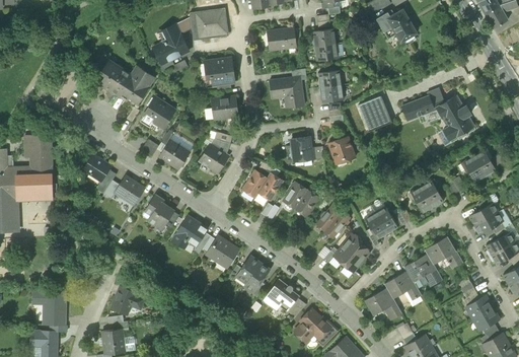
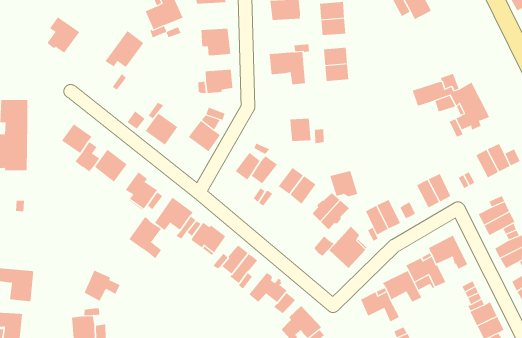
building: [102,62,132,95] -> [47,17,80,54]
building: [358,96,391,132] -> none
building: [140,97,174,128] -> none
building: [328,137,356,161] -> [329,170,358,197]
building: none -> [129,216,162,259]

